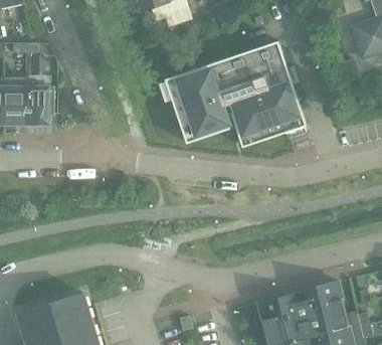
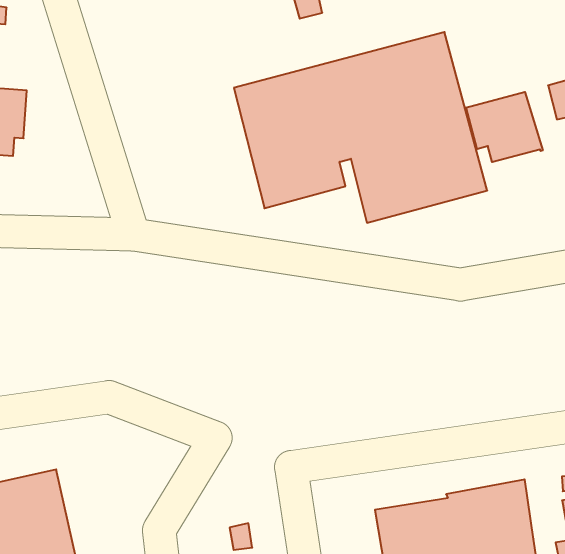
building: none -> [466,92,543,162]

